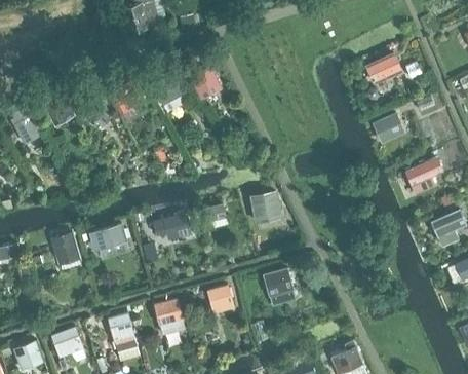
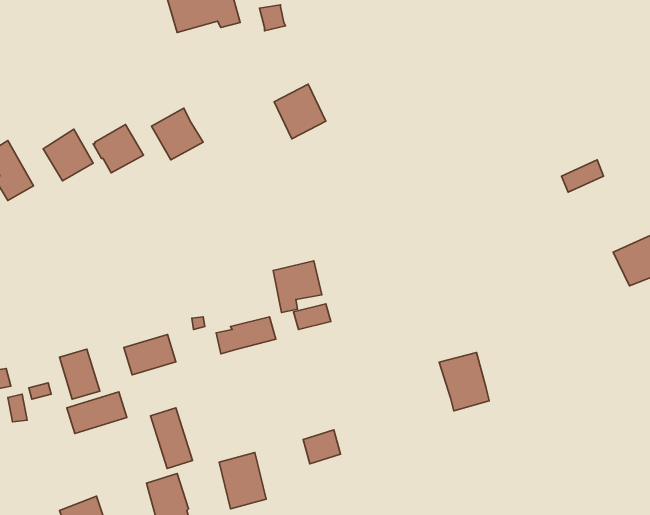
building: [365,54,401,83] -> none
building: [152,74,187,105] -> none
building: [248,191,279,224] -> [273,261,322,312]
building: none -> [67,392,127,434]
building: [264,268,296,305] -> [439,353,489,411]
building: none -> [150,408,192,469]

